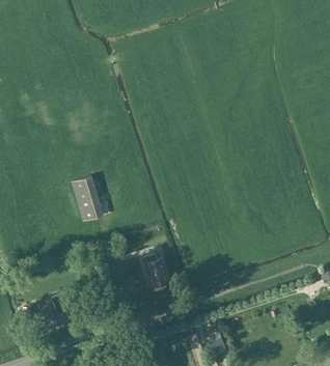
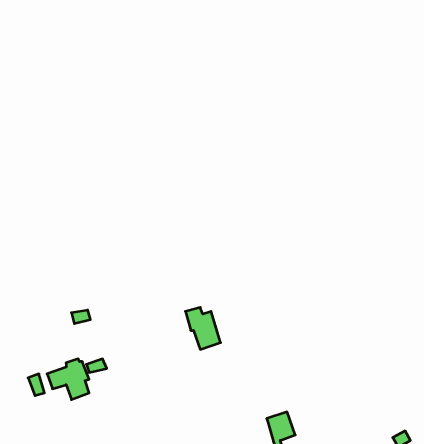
building: [71,175,103,222] -> none

